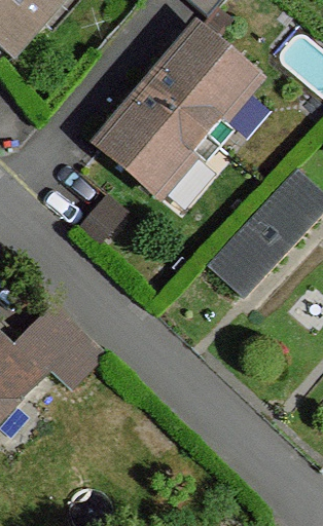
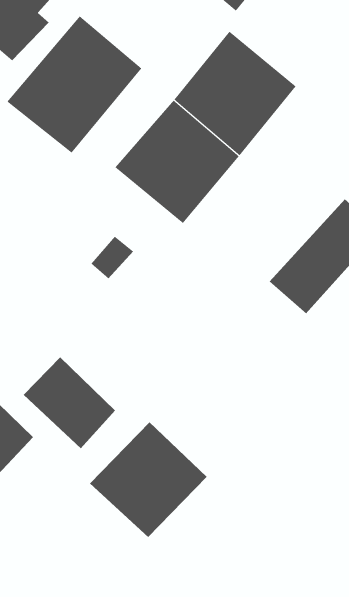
building: none -> [6,16,142,154]
building: none -> [89,421,207,538]

